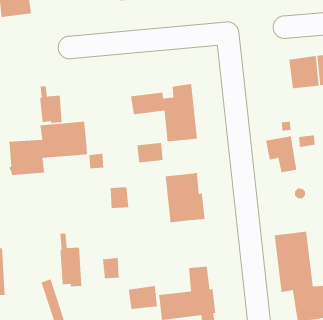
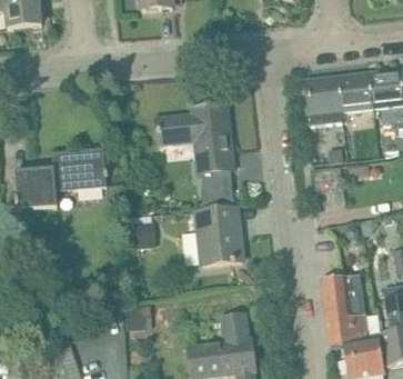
building: none -> [305,76,342,114]
building: [39,85,63,125] -> none
building: [137,142,164,163] -> [203,184,234,209]
building: [59,233,82,288] -> none
building: [128,285,158,310] -> none

